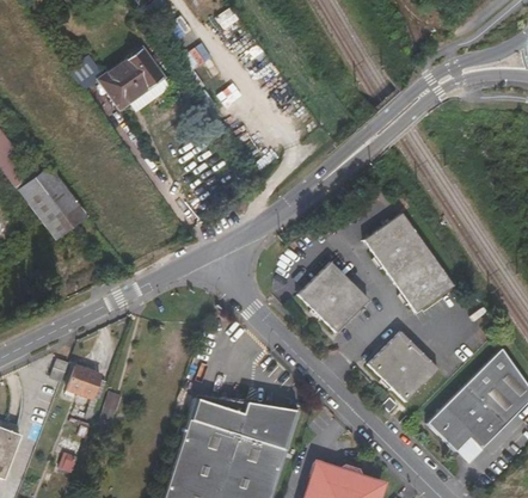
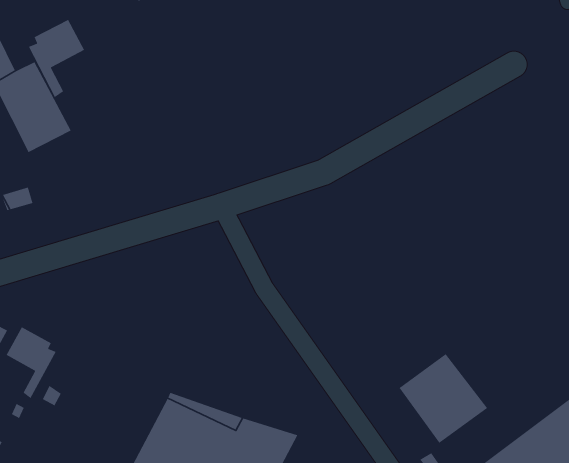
building: none -> [28,19,85,98]
building: [362,214,453,312] -> none
building: [295,263,367,333] -> none

